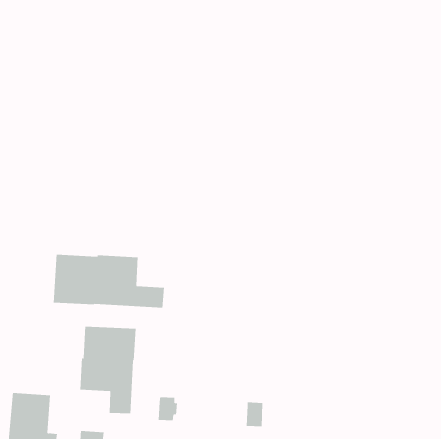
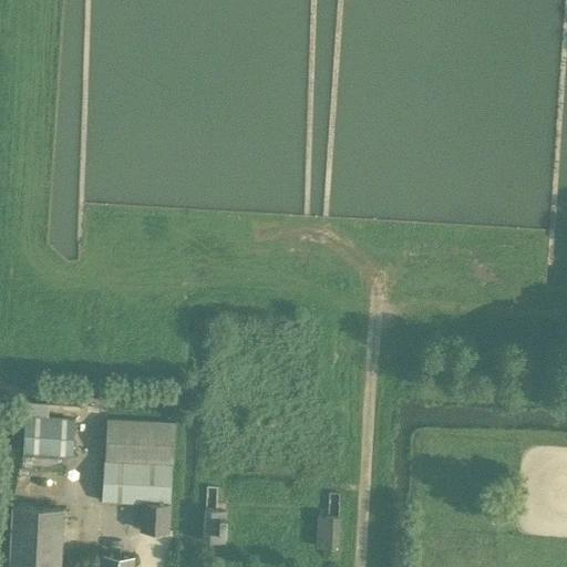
building: [53,254,165,309] -> none
building: none -> [24,419,75,457]

